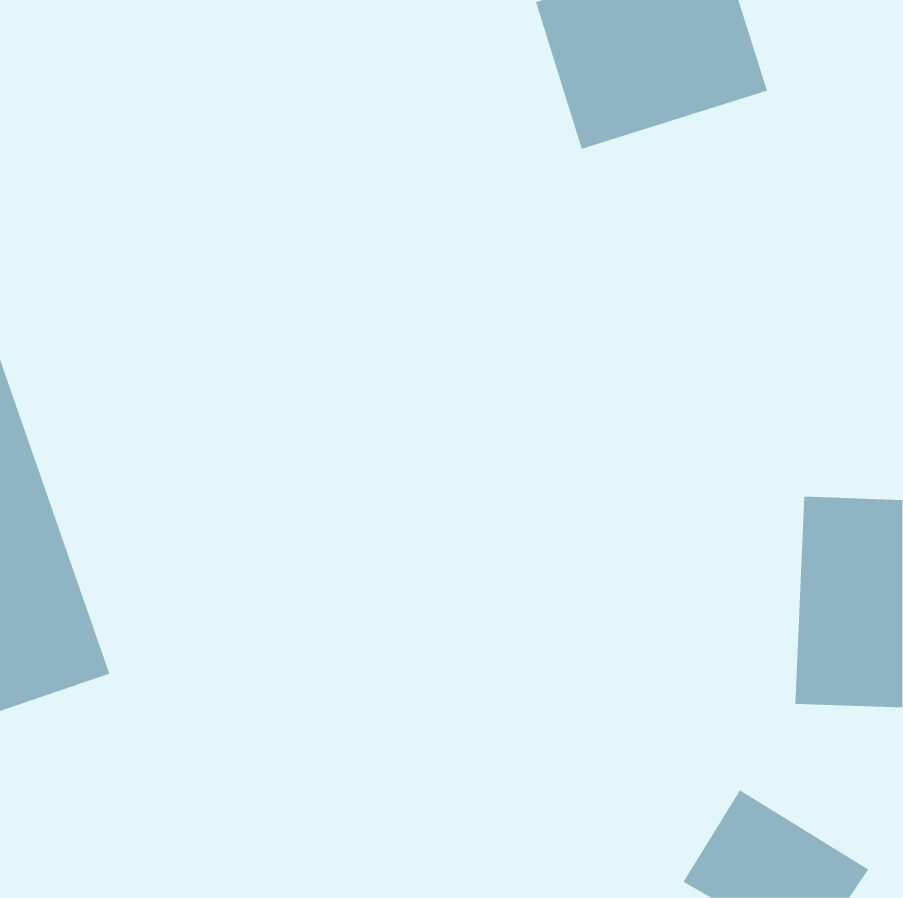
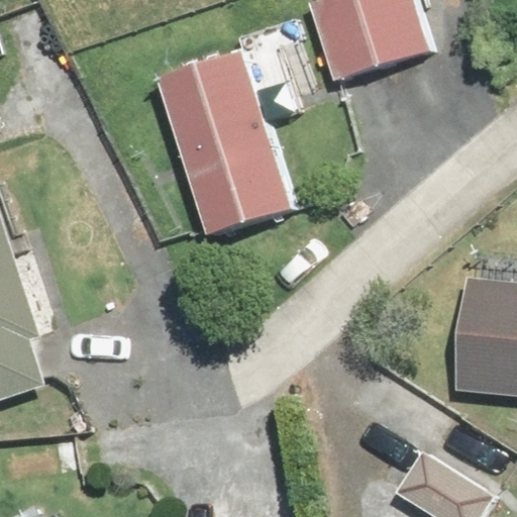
building: none -> [158,46,293,233]

